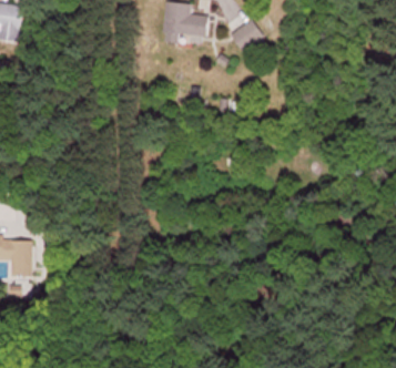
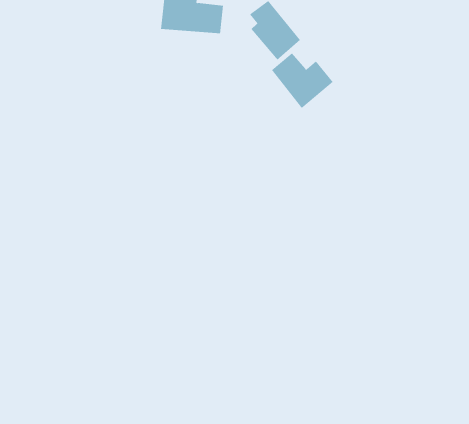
building: none -> [271,52,333,109]

